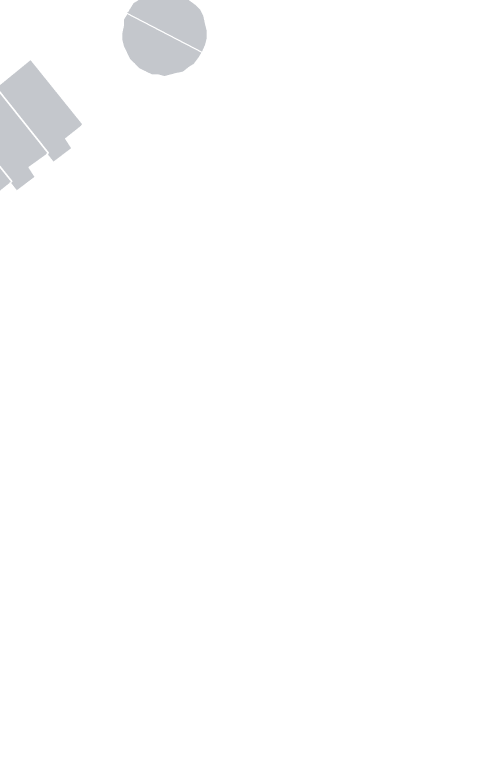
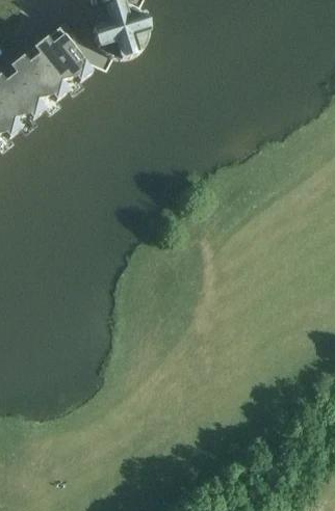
building: none -> [31,23,91,91]

